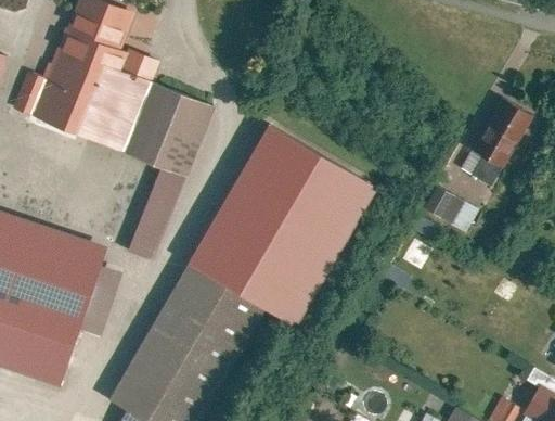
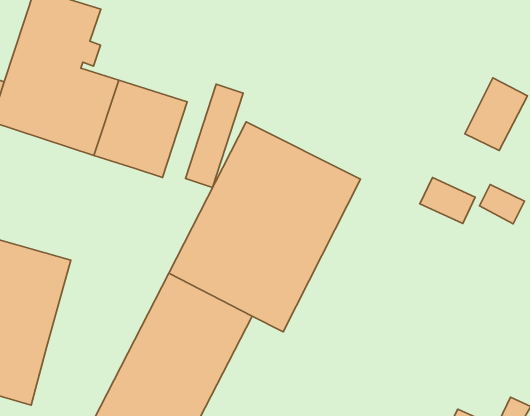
building: [462,150,504,188] -> [480,184,525,224]
building: [129,165,188,261] -> [185,84,243,188]
building: [70,267,118,336] -> none

